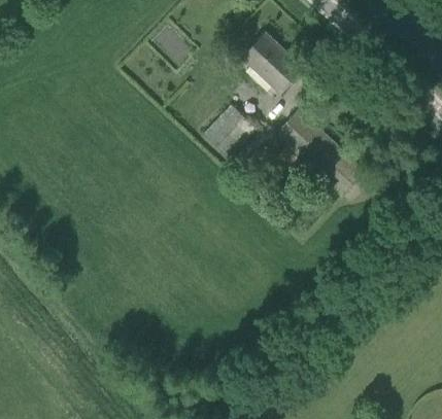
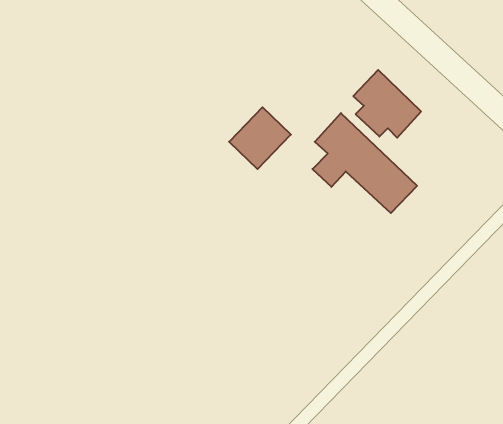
building: [243,33,302,92] -> [353,70,421,138]

